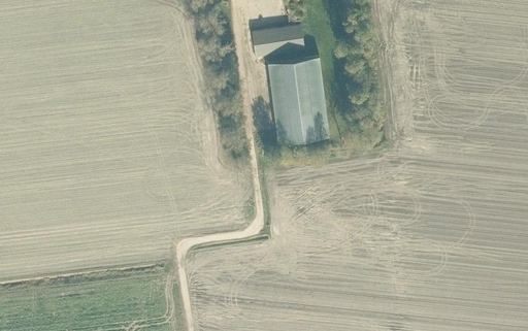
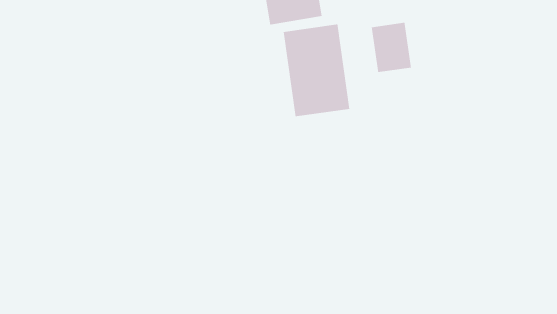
building: none -> [371,22,411,73]

